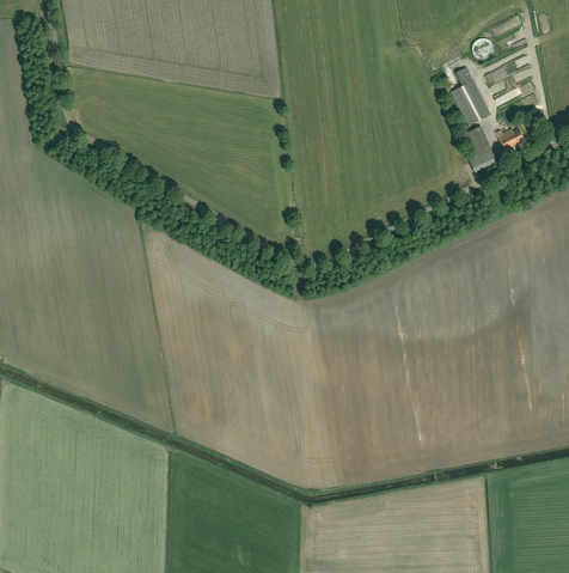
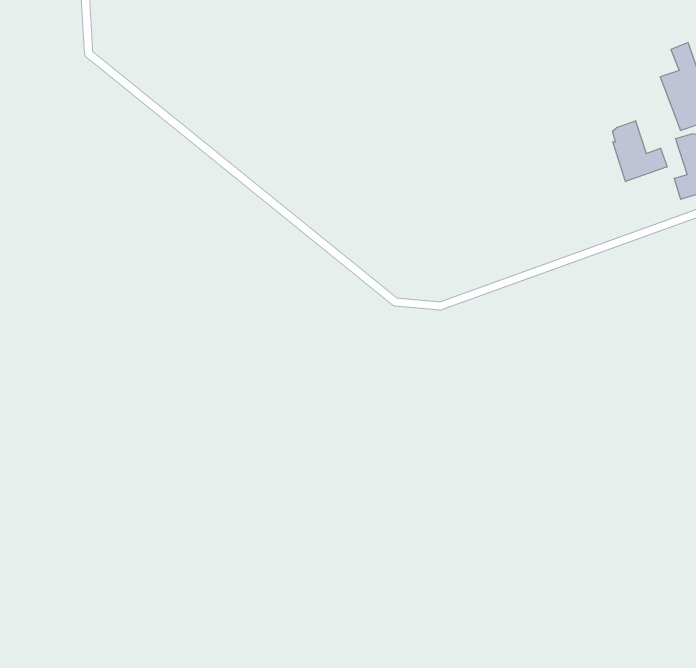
building: none -> [612,121,667,182]

